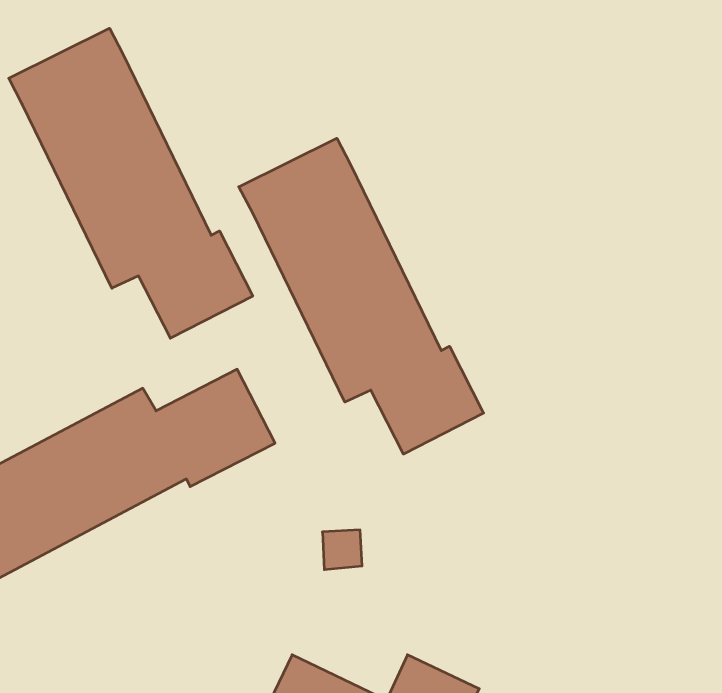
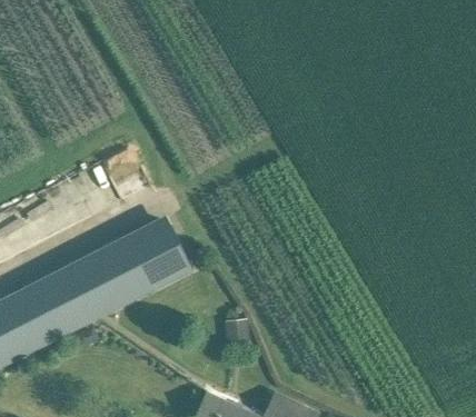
building: [9,28,253,338] -> none
building: [239,138,484,454] -> none

